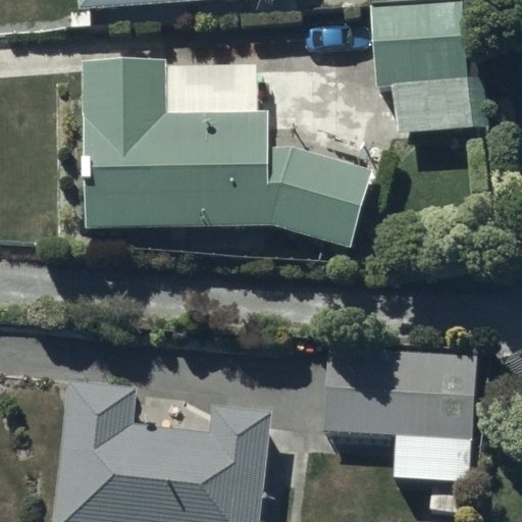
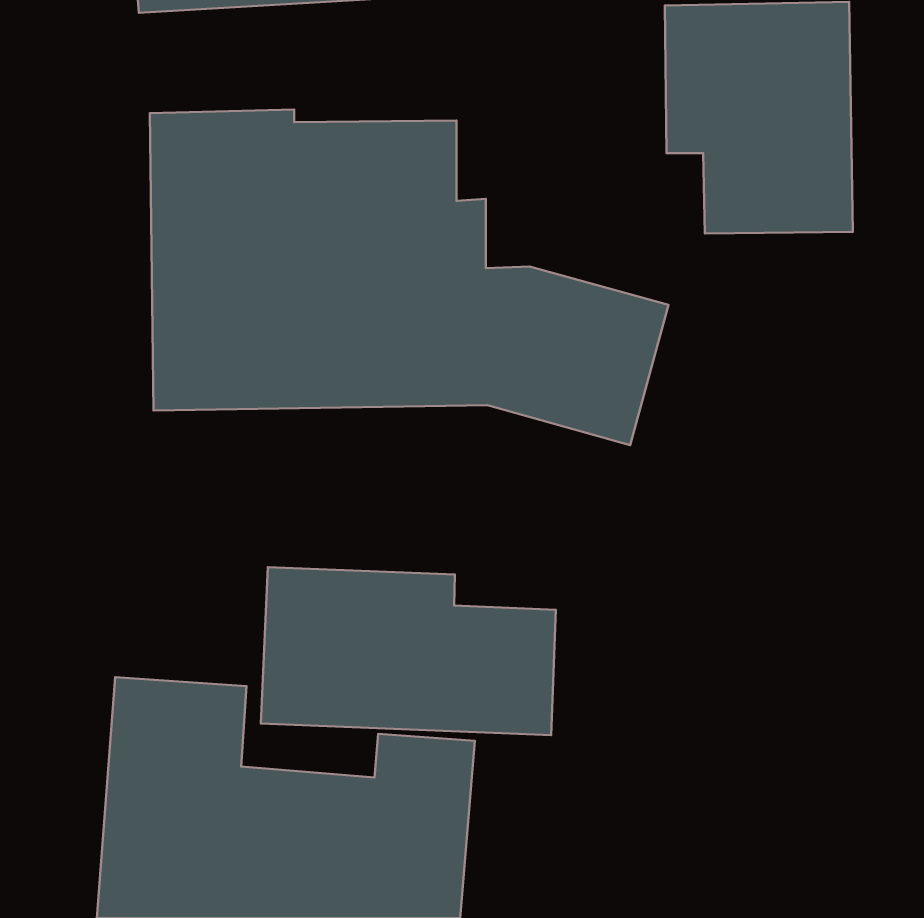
building: none -> [261,567,556,735]
building: [323,348,477,481] -> none

